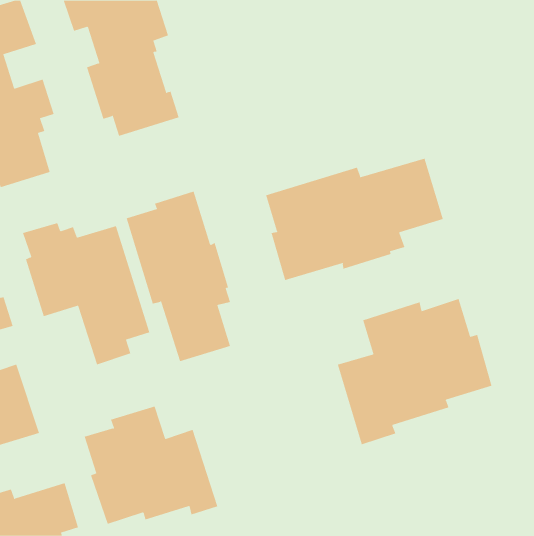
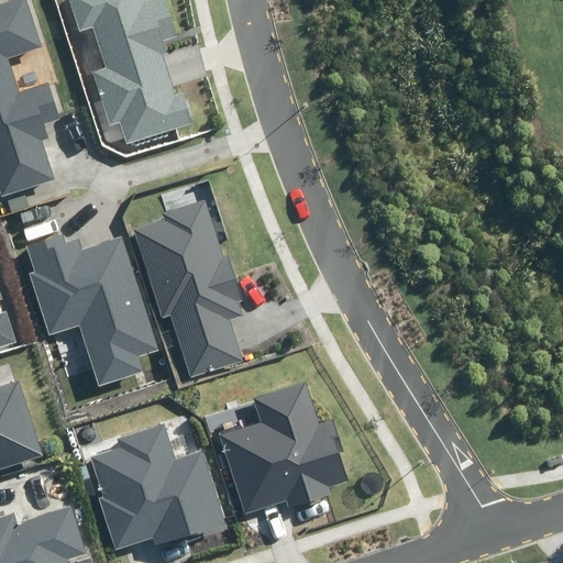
building: [266,158,444,281] -> none
building: [337,298,492,445] -> none
building: none -> [218,382,345,514]

